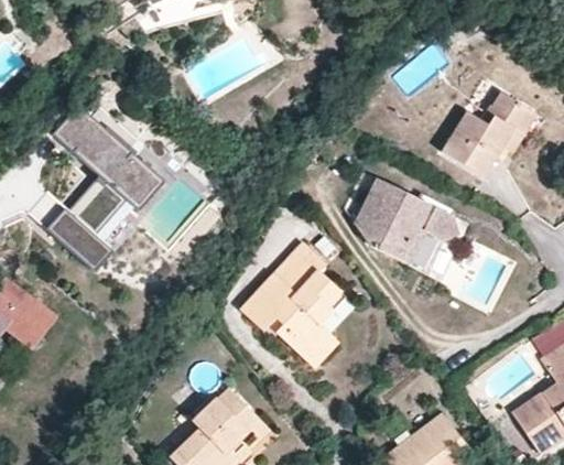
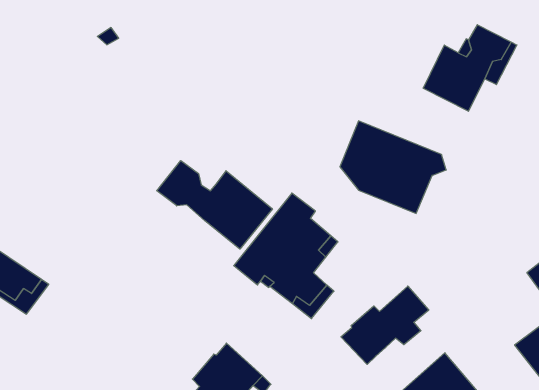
building: [32,107,172,272] -> none
building: none -> [157,161,272,249]
building: none -> [341,286,429,364]

